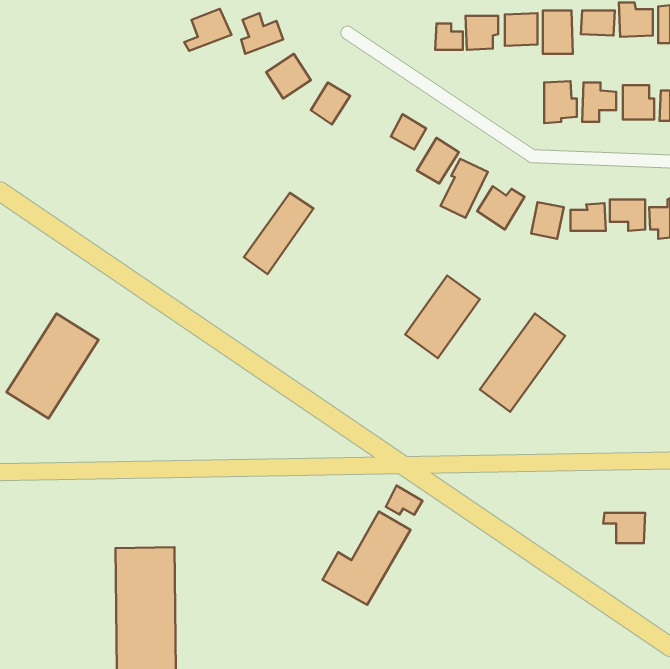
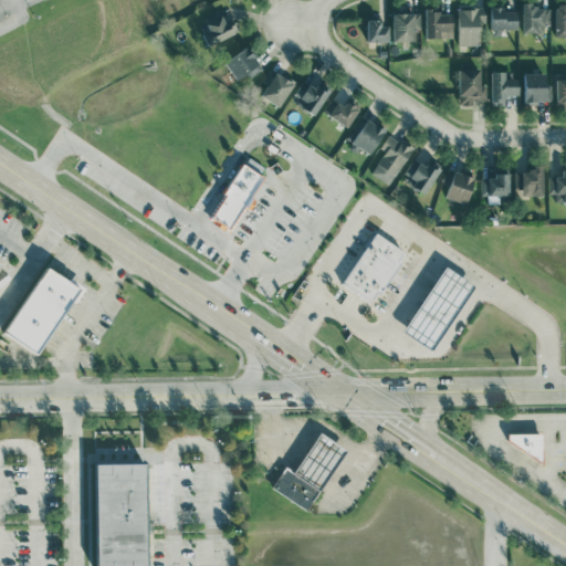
building: [184,9,231,51] -> none
building: none -> [292,78,328,113]
building: [386,486,423,515] -> none

